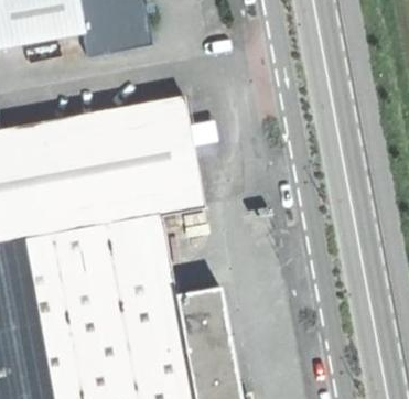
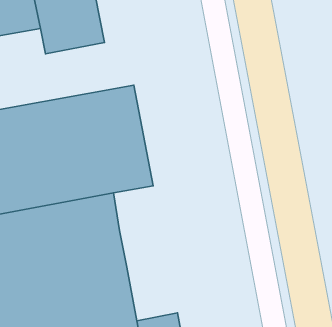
building: [175,285,230,352] -> none

